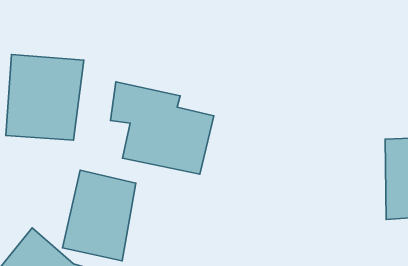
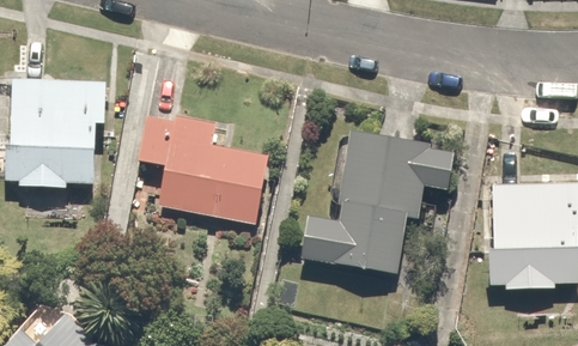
building: none -> [310,128,461,277]
building: [63,170,136,261] -> none

